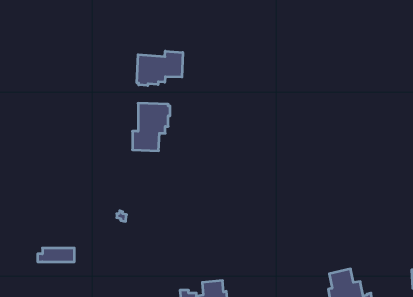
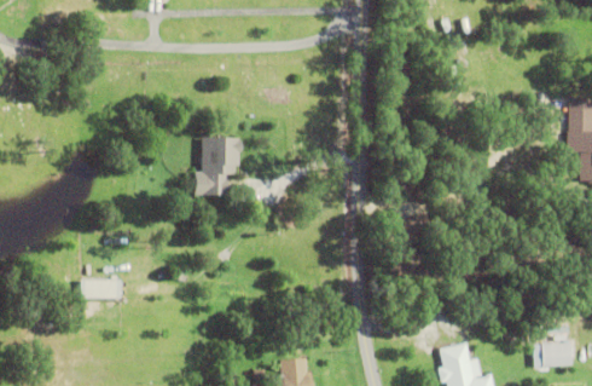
building: [137,51,183,86] -> none
building: [38,248,74,262] -> [75,281,121,298]

